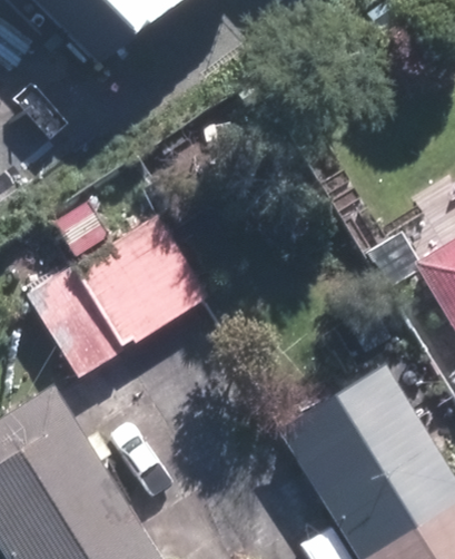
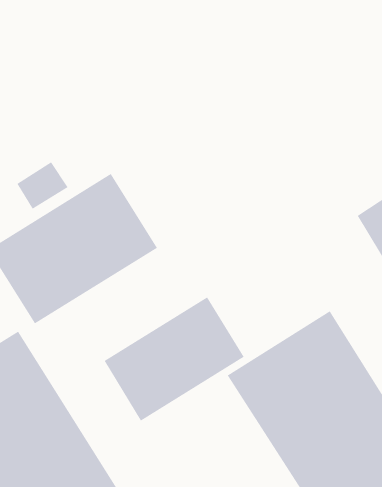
building: none -> [104,296,245,421]

